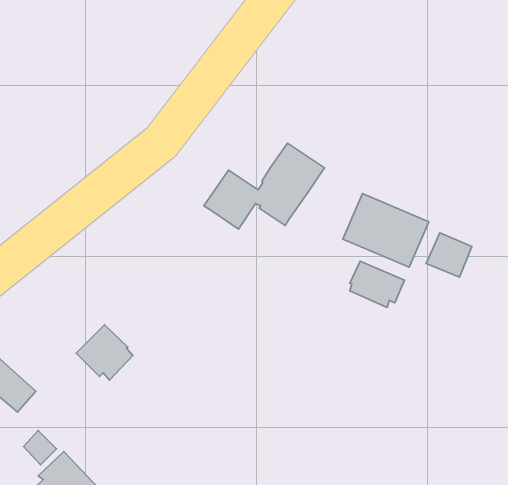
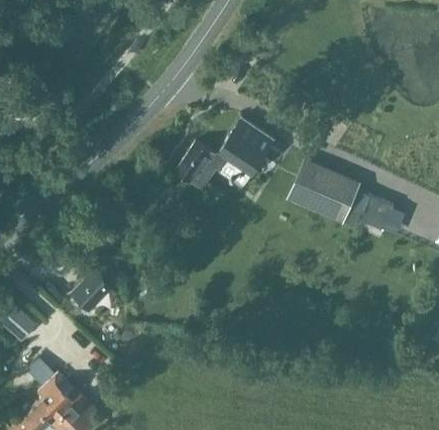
building: [350,261,405,308] -> none

